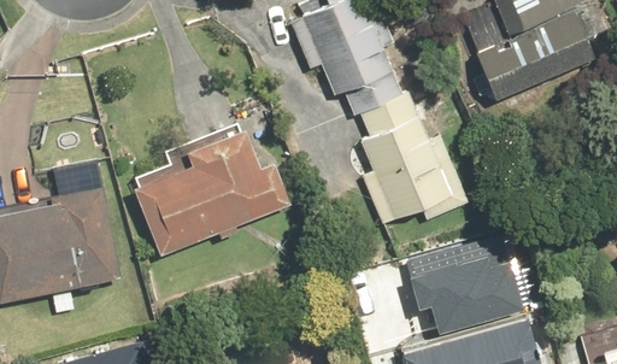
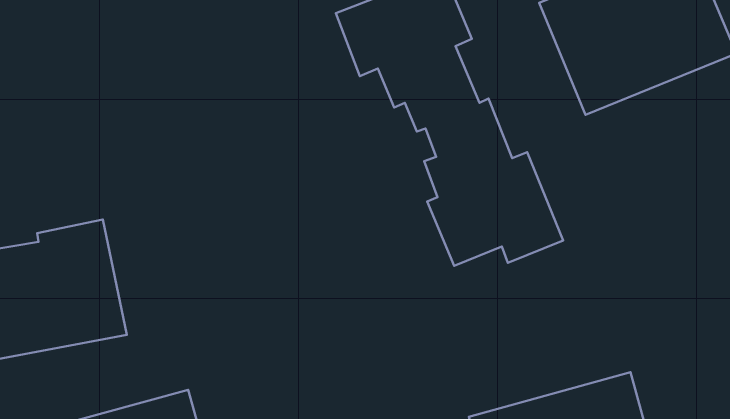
building: [131,131,288,258] -> none
building: [406,227,541,328] -> none

